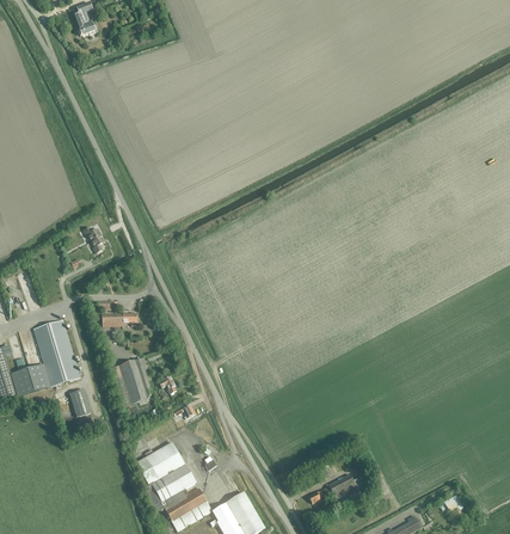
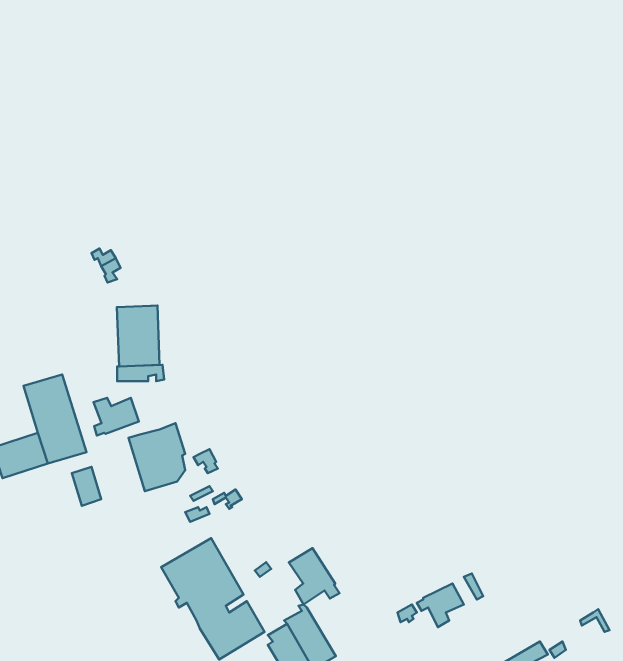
building: none -> [117,306,159,366]
building: none -> [94,398,139,436]
building: none -> [289,548,339,604]

